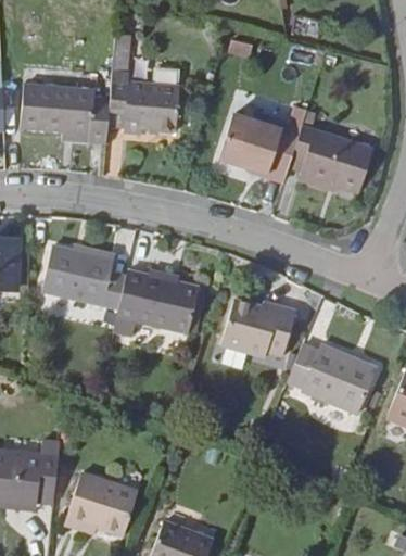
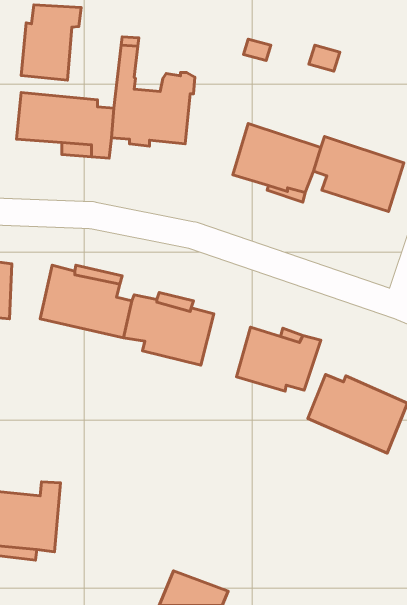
building: none -> [21,5,81,80]
building: [66,473,140,535] -> none

